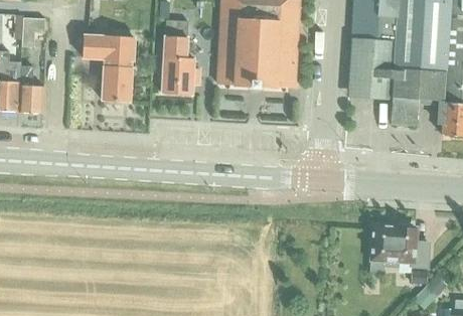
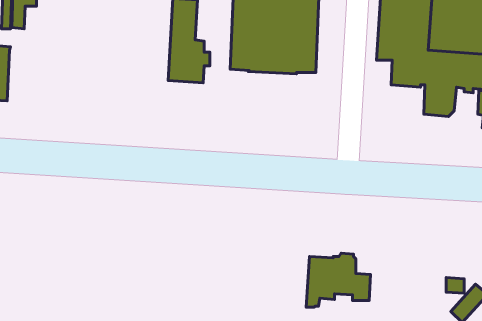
building: [83,36,134,103] -> none
building: [18,65,44,113] -> none
building: [371,223,429,272] -> [306,253,370,307]

